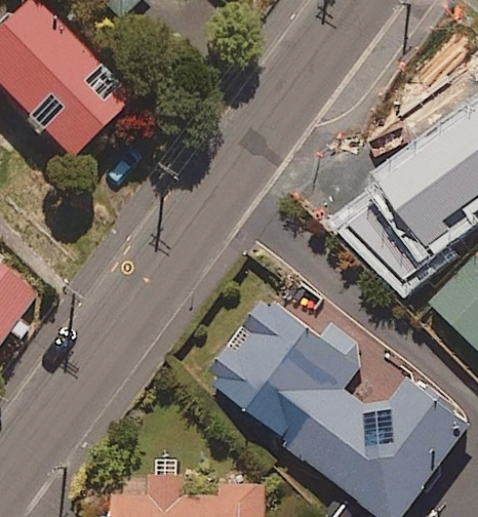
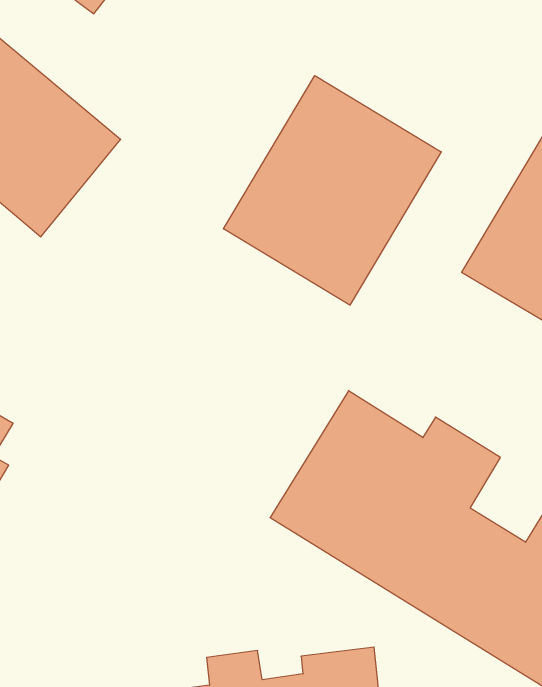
building: none -> [223,76,441,305]

